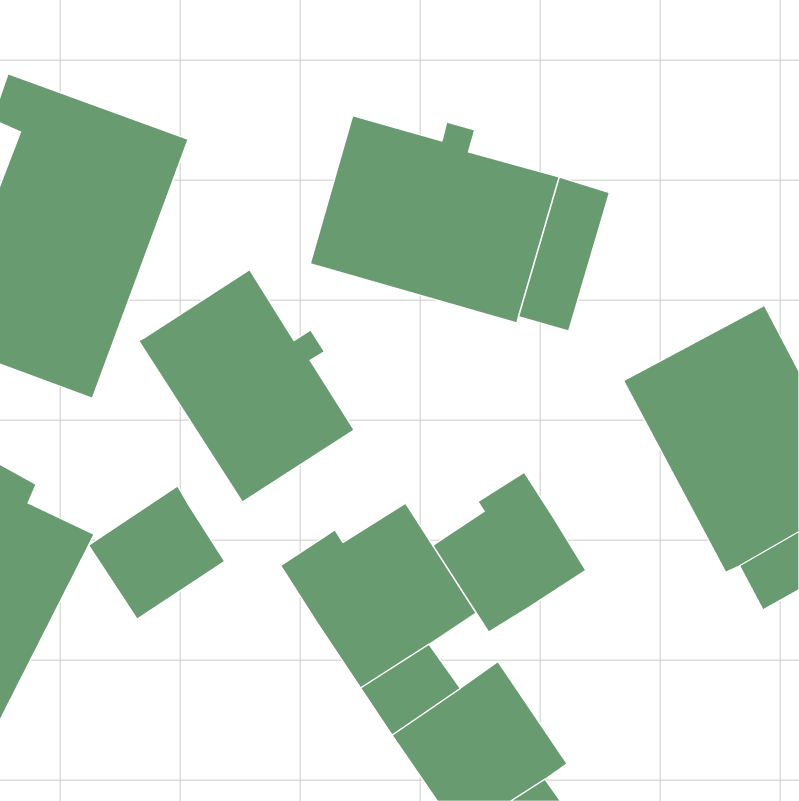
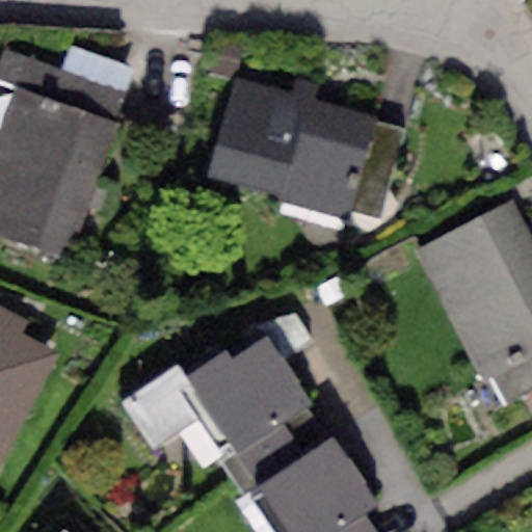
building: [139,270,354,502] -> none
building: [433,472,586,632] -> none
building: [88,486,225,619] -> [119,363,210,451]

